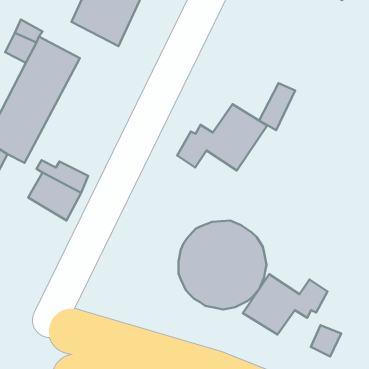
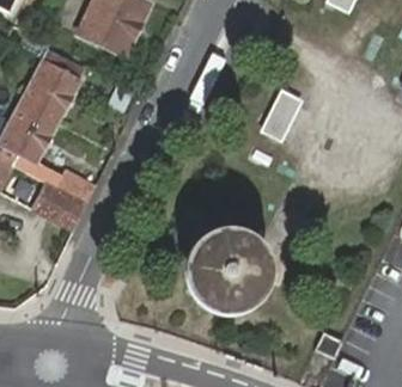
building: [177,104,267,170] -> none
building: [243,274,328,335] -> none

